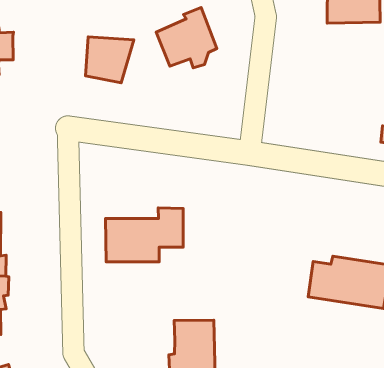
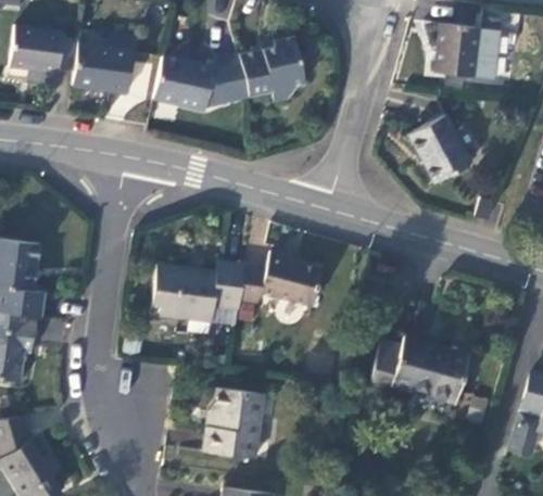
building: none -> [192,60,250,114]
building: none -> [72,43,132,94]
building: none -> [403,117,464,183]
building: none -> [240,247,320,298]

